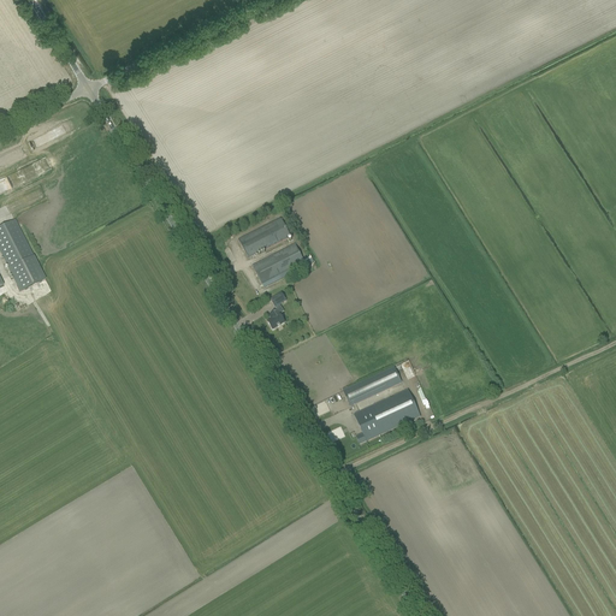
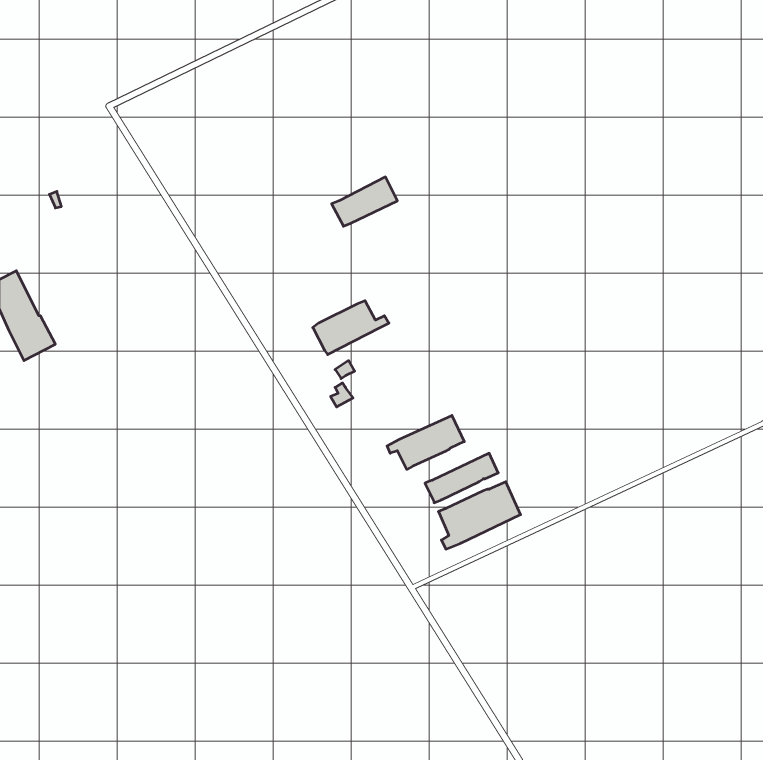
building: [237,215,290,255] -> [332,177,397,226]
building: none -> [387,415,464,469]

